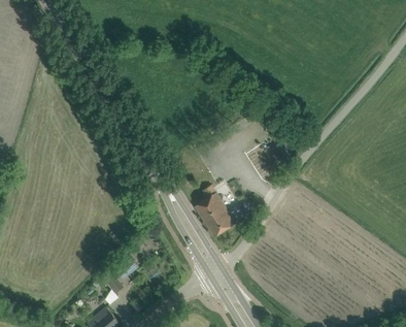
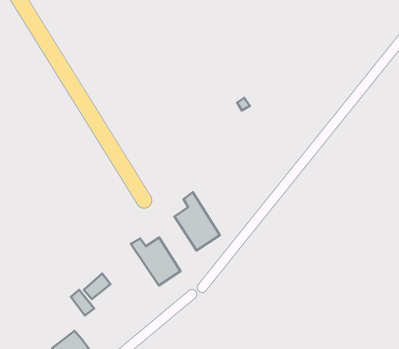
building: none -> [131,238,181,285]

